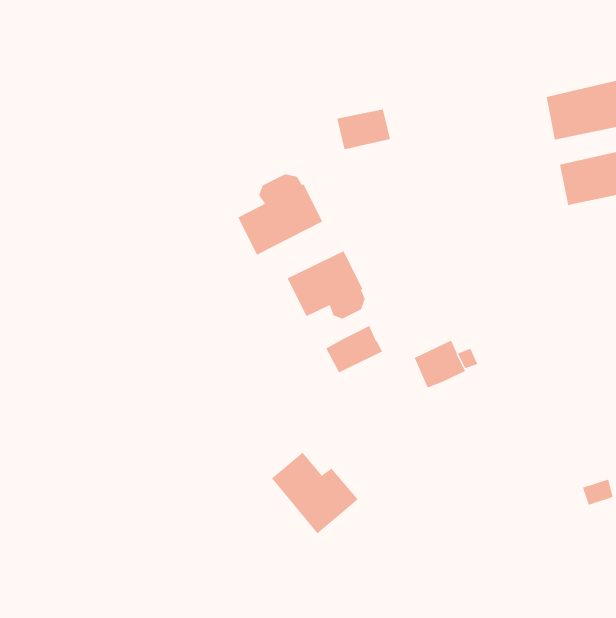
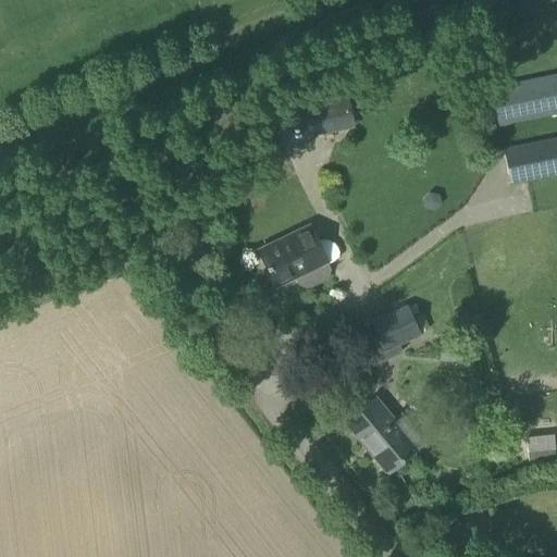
building: [238,173,323,255] -> none
building: [325,325,383,373] -> none
building: [271,452,358,534] -> [348,398,426,472]

